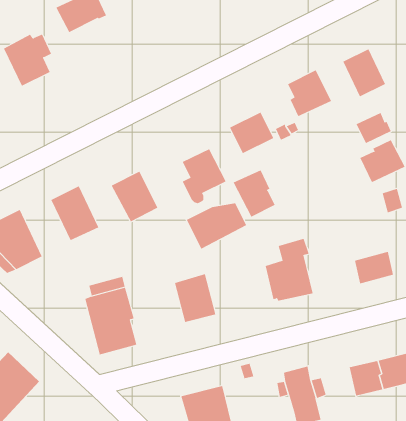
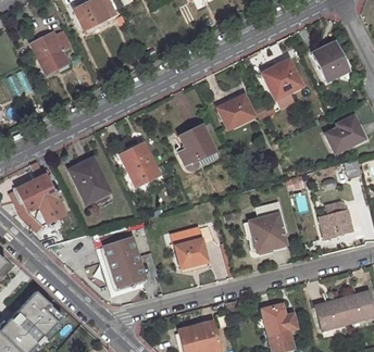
building: [356,112,392,144] -> none
building: [233,169,275,217] -> none
building: [186,202,247,250] -> none

